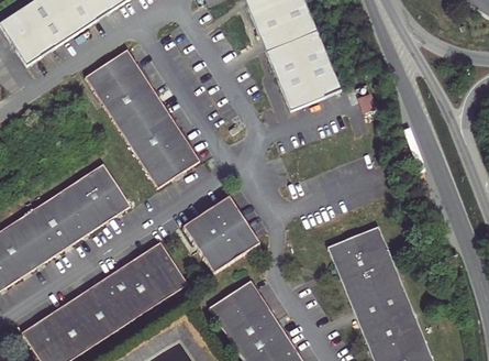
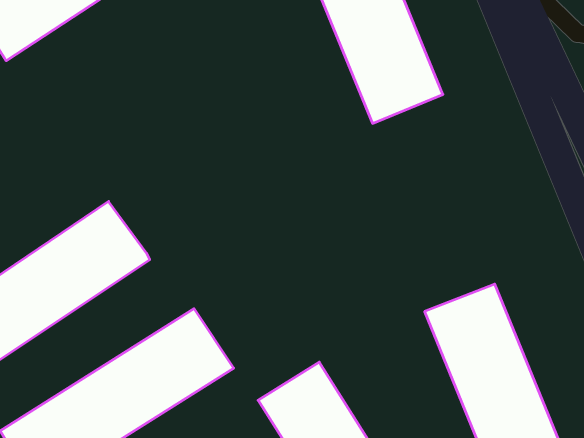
building: [86,47,199,184] -> none
building: [182,196,259,273] -> none

